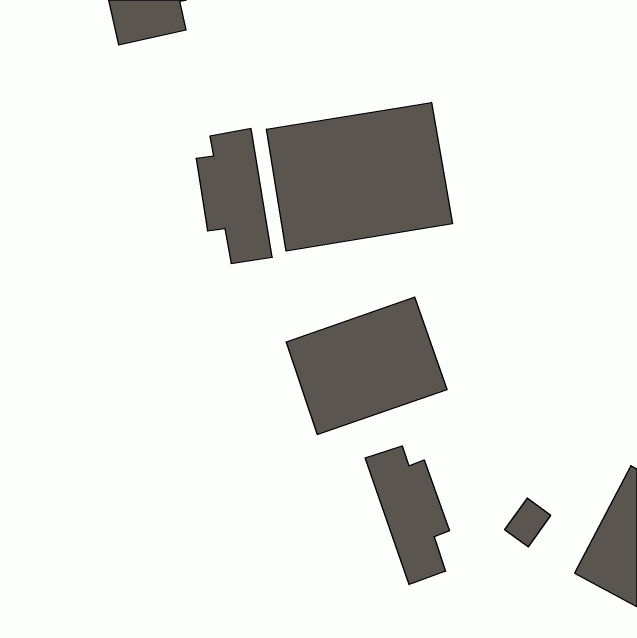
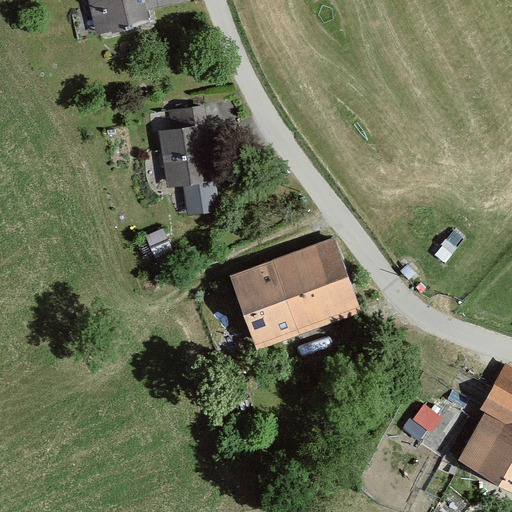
building: [267,102,452,251] -> none
building: [365,446,449,585] -> none

